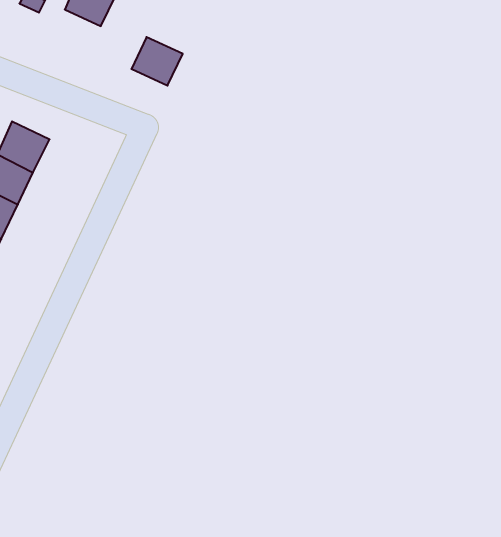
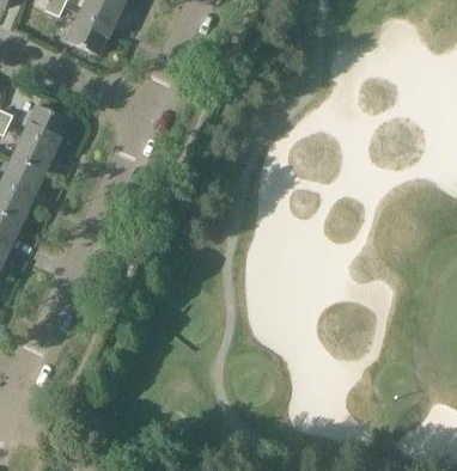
building: [131,37,183,86] -> [67,17,108,55]

